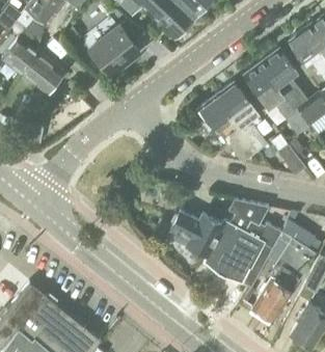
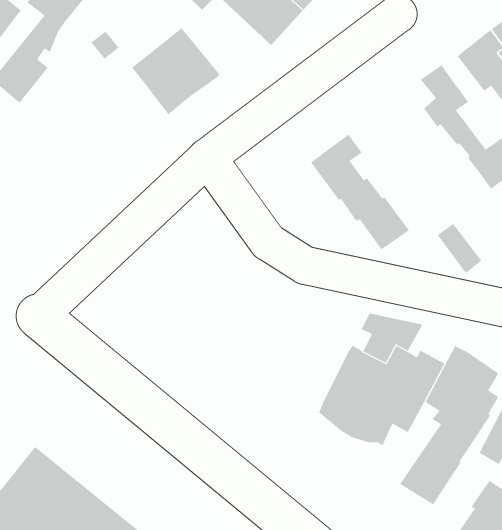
building: [20,51,63,92] -> none
building: [244,58,309,136] -> none
building: [222,83,267,151] -> none
building: [167,212,222,258] -> none

